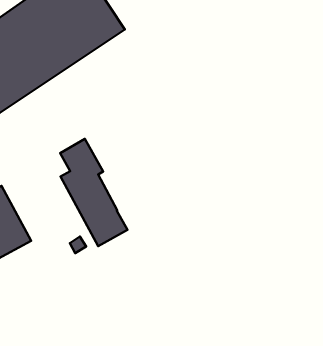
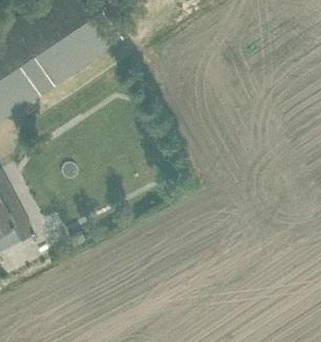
building: [60,139,127,246] -> none

